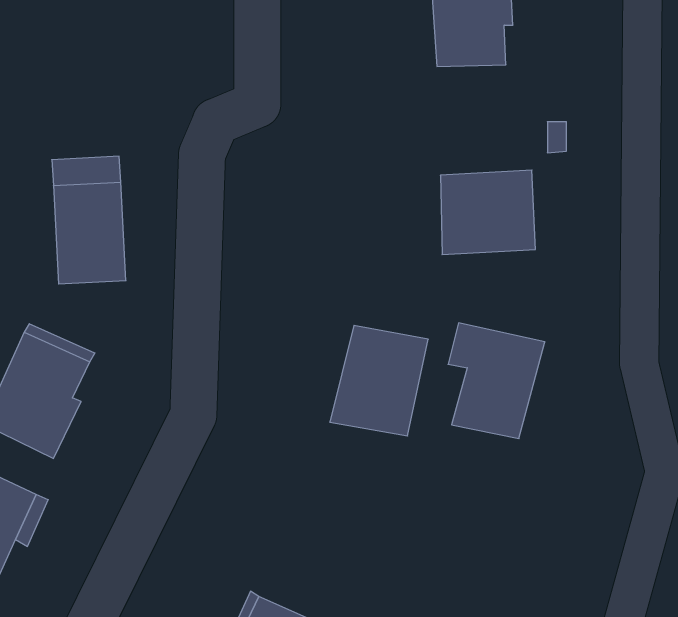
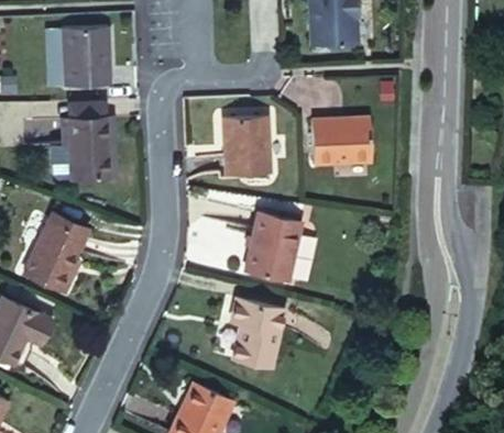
building: none -> [58,24,111,85]
building: none -> [220,113,272,175]
building: [448,323,545,439] -> [228,296,289,369]

